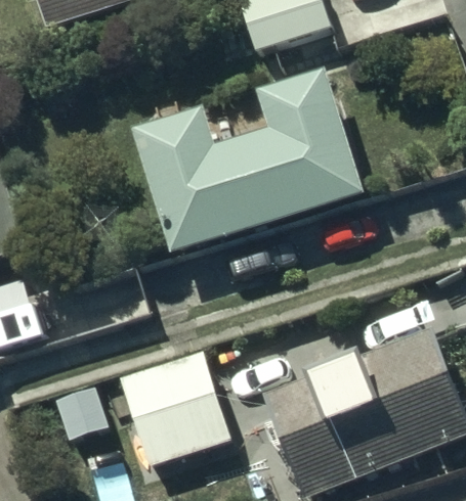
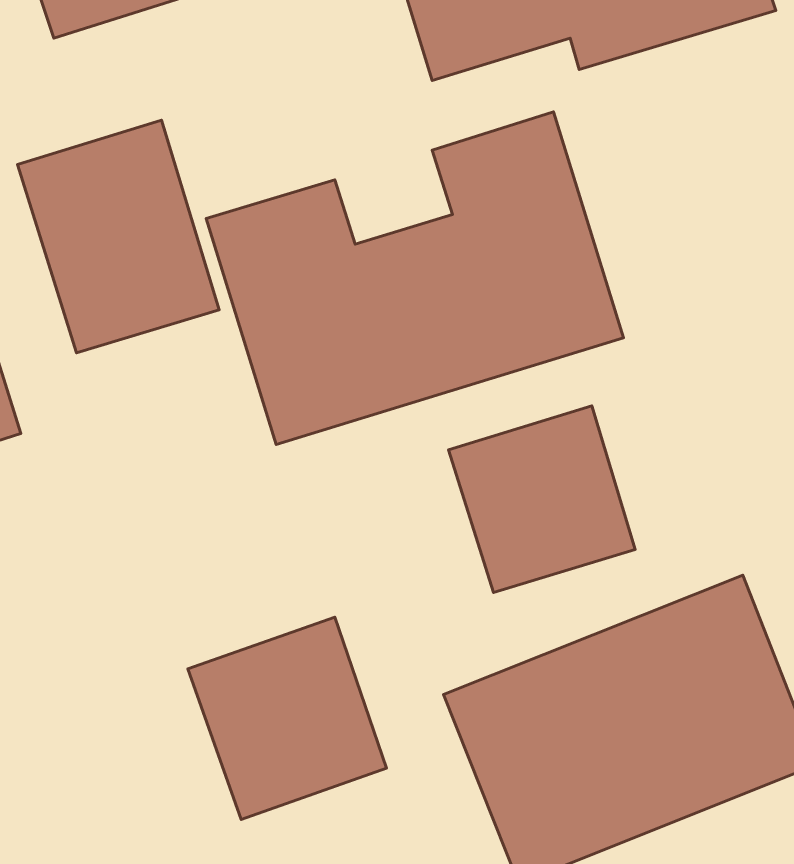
building: none -> [17,120,219,353]
building: none -> [448,406,635,592]

